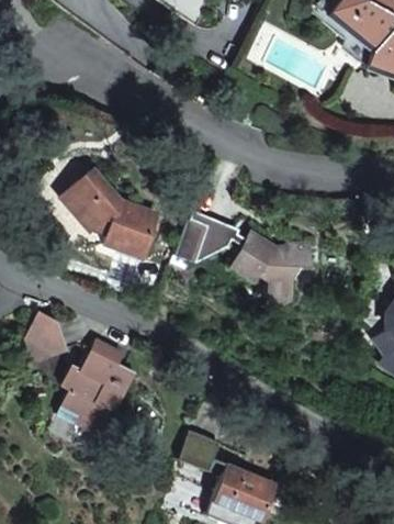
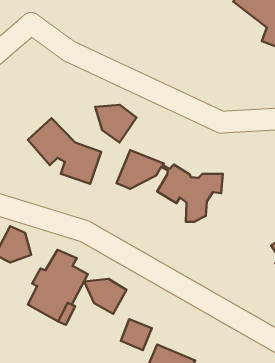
building: none -> [95,105,136,142]
building: none -> [84,279,127,314]

